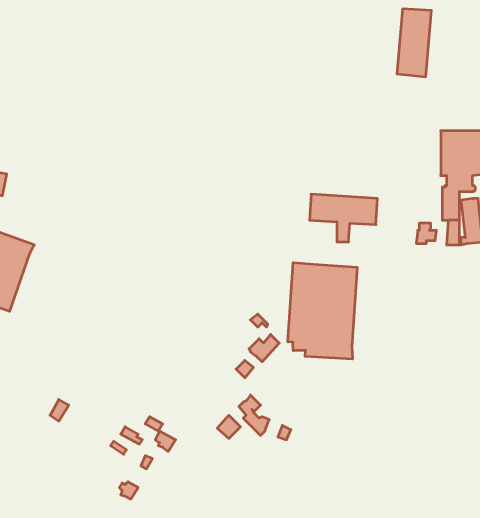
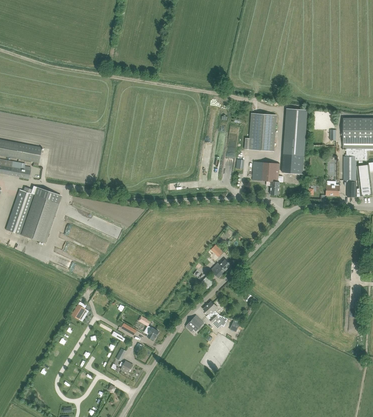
building: [397,9,431,77] -> [283,108,307,155]
building: none -> [245,113,276,150]
building: [288,263,357,359] -> none

